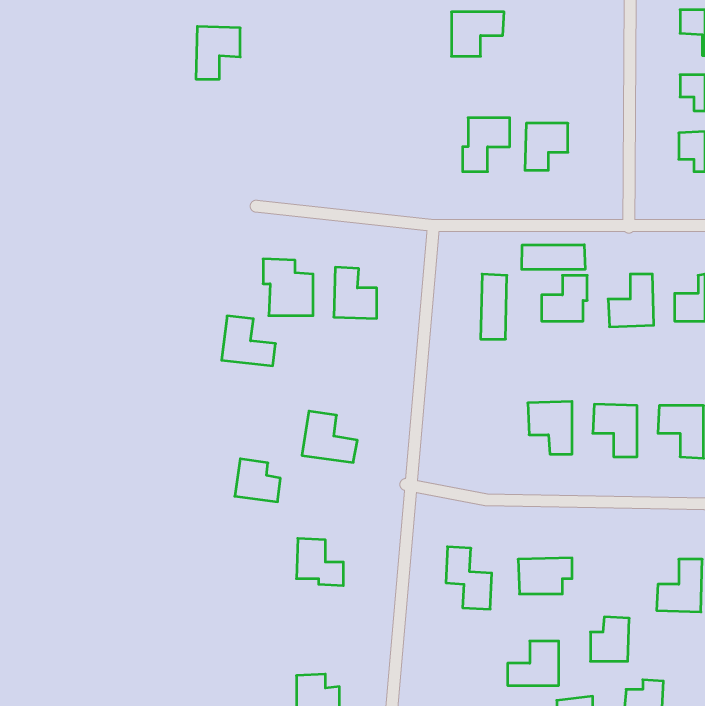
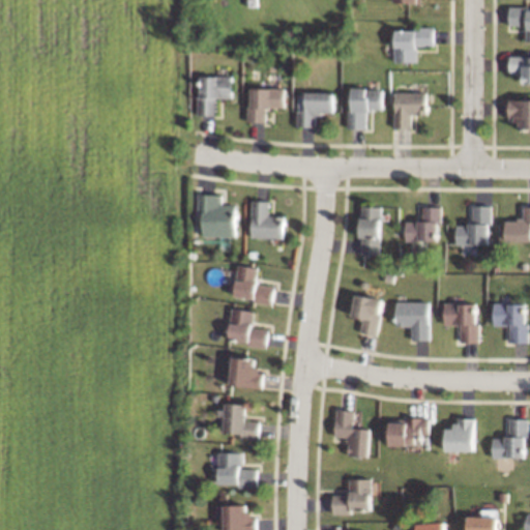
building: [451,12,504,56] -> [393,29,433,62]
building: [196,26,240,79] -> [197,77,230,116]
building: none -> [247,88,283,123]
building: none -> [296,94,331,127]
building: [522,245,585,269] -> none
building: [222,316,276,366] -> [232,266,272,303]
building: none -> [351,294,382,335]
building: [235,459,280,502] -> [228,357,262,389]
building: none -> [216,452,255,487]
building: [590,617,629,661] -> [444,418,473,451]
building: [508,641,559,685] -> [330,479,369,512]

